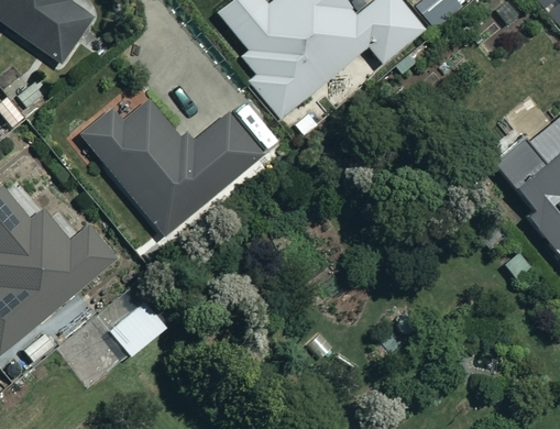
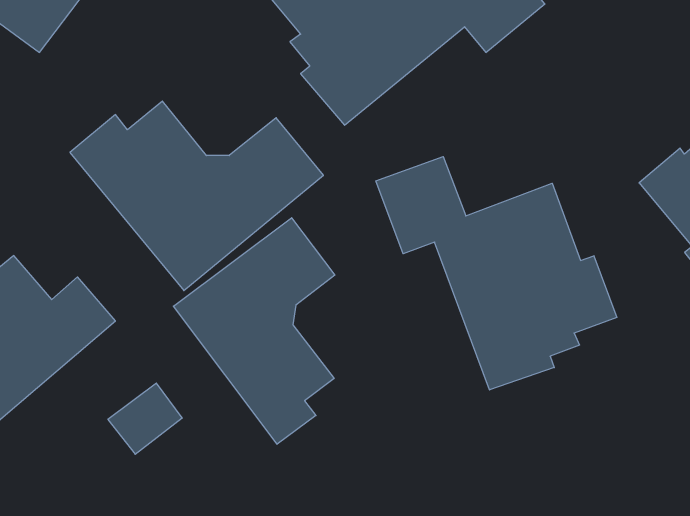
building: none -> [376,157,617,390]
building: none -> [173,218,335,444]

